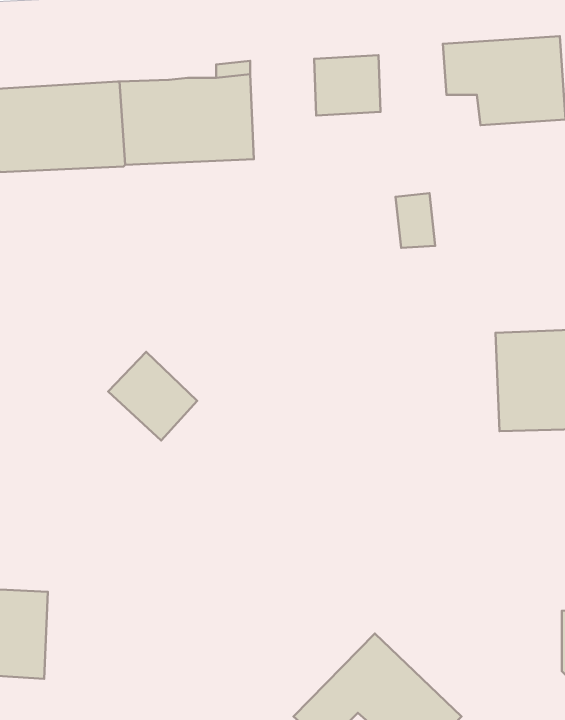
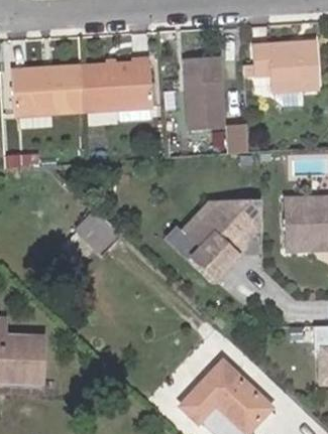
building: none -> [187,82,224,129]
building: none -> [184,203,259,281]

